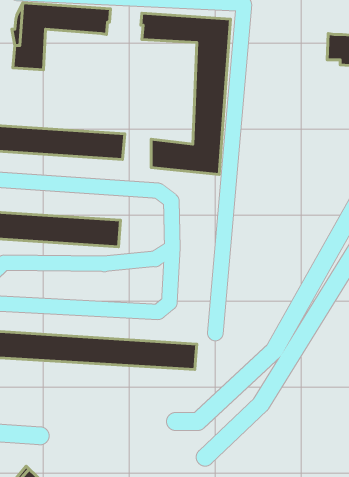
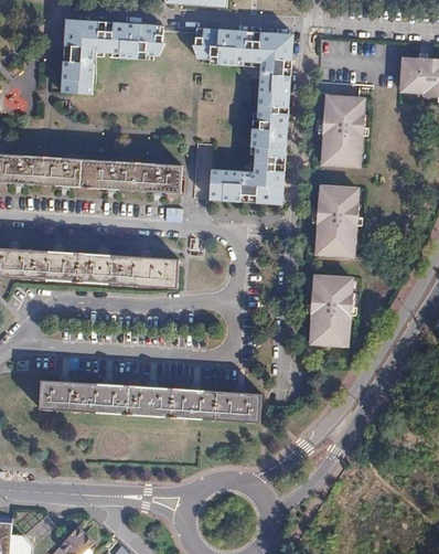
building: none -> [322,95,365,164]
building: none -> [315,184,358,253]
building: none -> [310,273,353,342]

